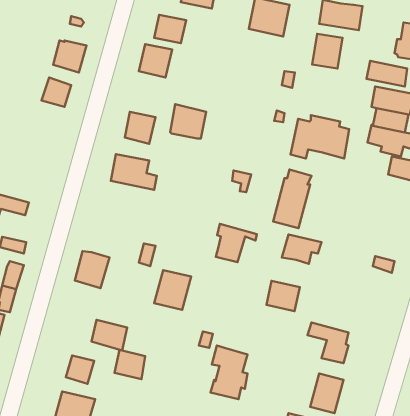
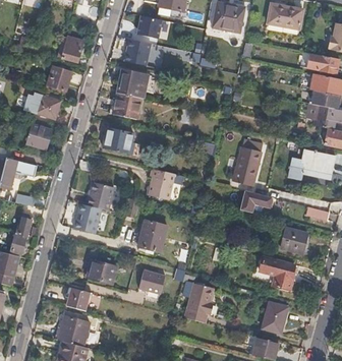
building: [312,34,343,68] -> none
building: [170,104,206,139] -> [117,70,146,98]
building: none -> [32,95,61,119]
building: [290,115,349,158] -> [288,144,335,179]
building: none -> [25,124,52,149]
building: none -> [88,182,113,210]
building: [216,224,257,262] -> [151,169,183,199]
building: [266,281,300,311] -> [281,228,307,252]
building: [115,350,145,379] -> [139,269,164,293]

